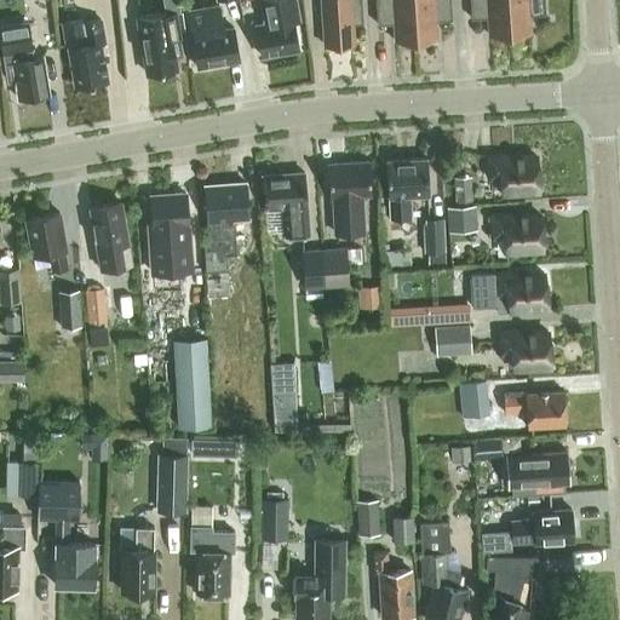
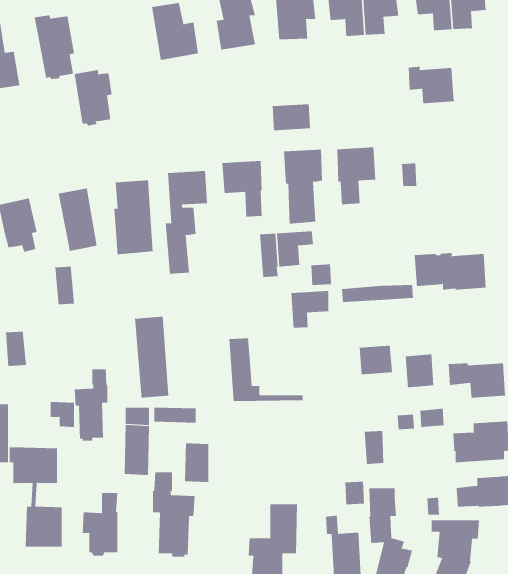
building: [138,16,179,76] -> [74,69,112,126]
building: none -> [272,103,310,131]
building: [488,155,538,195] -> [408,66,454,104]
building: [448,206,477,234] -> none
building: [492,214,542,253] -> none
building: [424,218,446,266] -> none
building: [59,289,82,327] -> [5,331,27,366]
building: none -> [291,290,329,328]
building: [435,325,471,356] -> [359,345,393,375]
building: [500,331,551,371] -> none
building: none -> [74,369,108,442]
building: [260,496,287,539] -> [184,443,209,482]
building: [357,500,379,536] -> [364,430,384,464]

